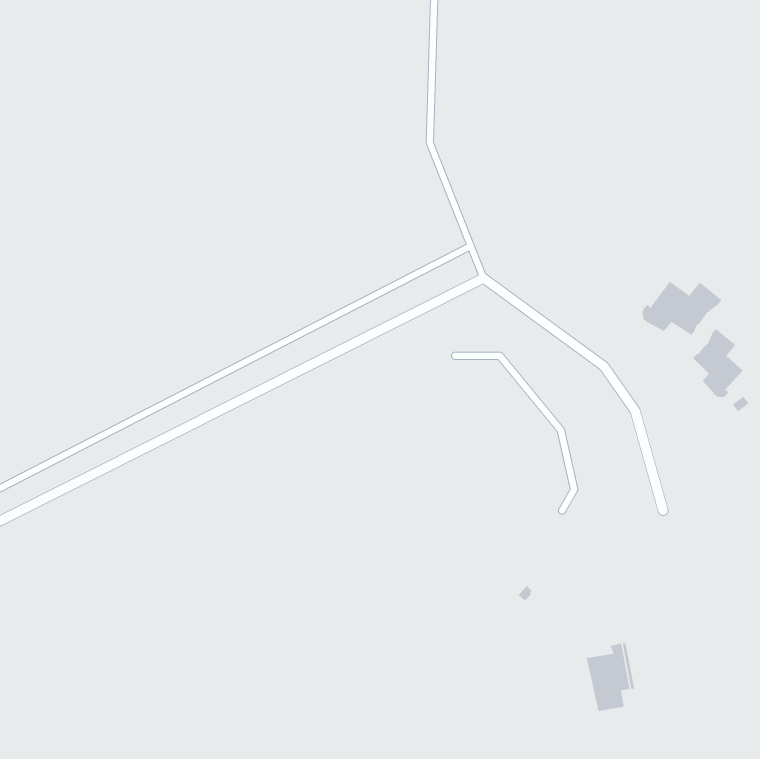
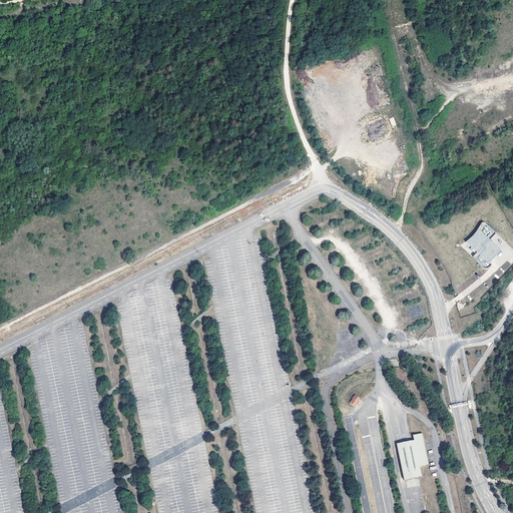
building: [642,281,722,336] -> none

